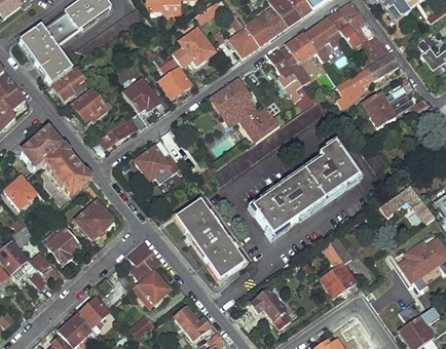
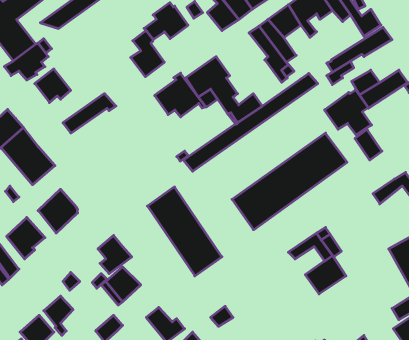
building: [123,79,160,114] -> none
building: none -> [325,90,372,135]
building: [137,142,183,182] -> [155,73,205,117]
building: [251,290,291,331] -> none

